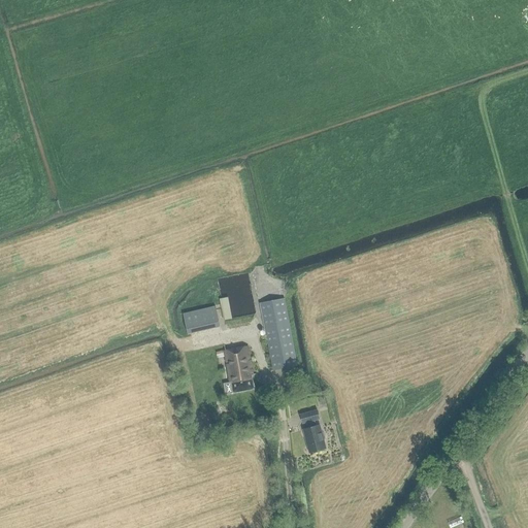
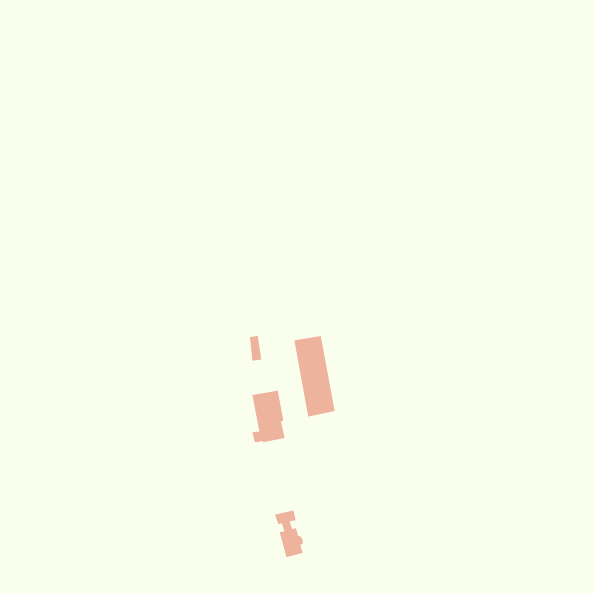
building: [184,304,220,332] -> none
building: [299,408,325,451] -> [274,510,303,558]

